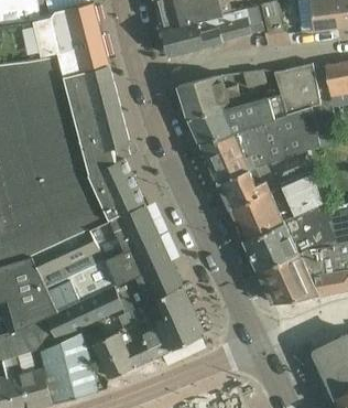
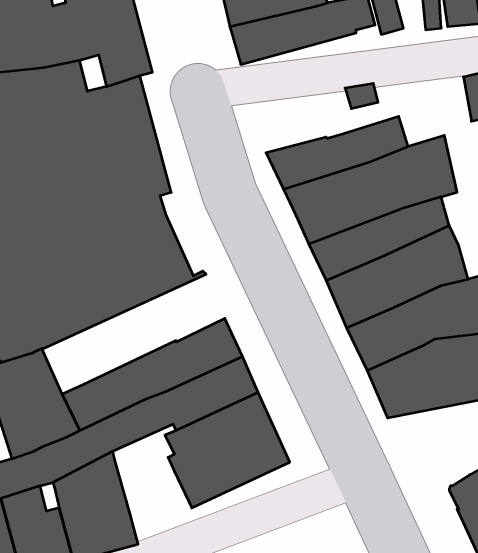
building: [274,64,322,115] -> none
building: [178,76,242,119] -> none
building: [32,204,160,288] -> none
building: [91,332,137,378] -> none

